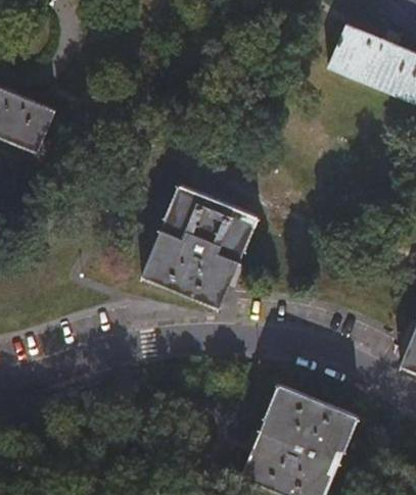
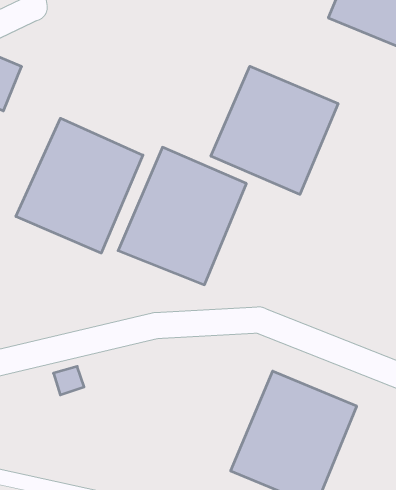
building: none -> [211,66,338,194]
building: none -> [16,118,143,253]

